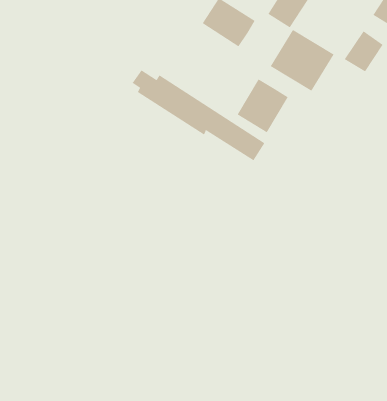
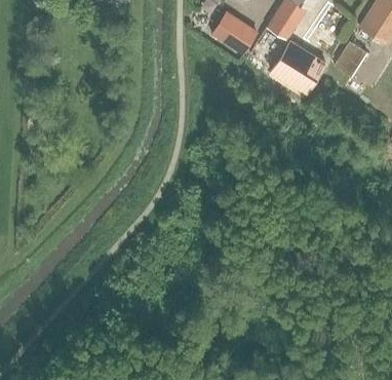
building: [132,69,265,161] -> none
building: [237,79,289,133] -> none

